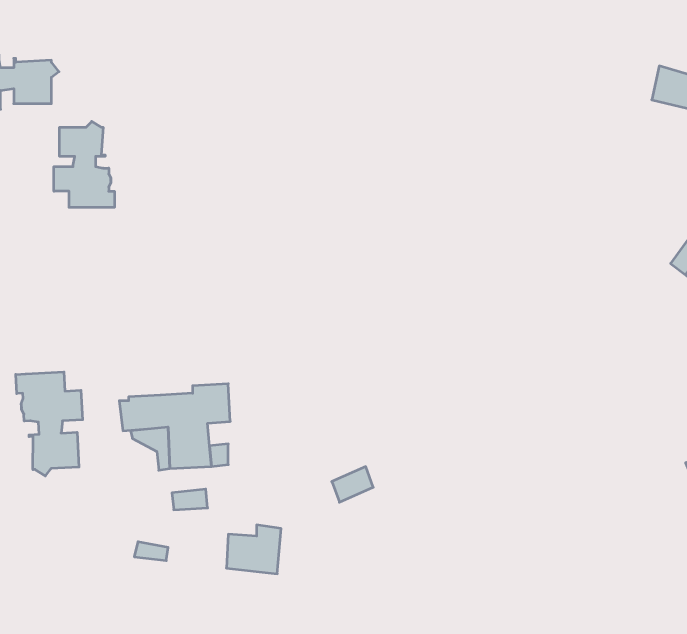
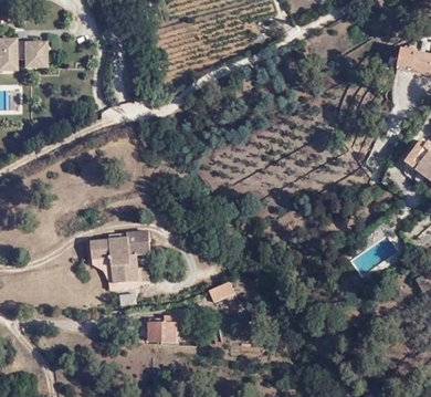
building: [54,121,114,207] -> none
building: [16,372,83,476] -> none

